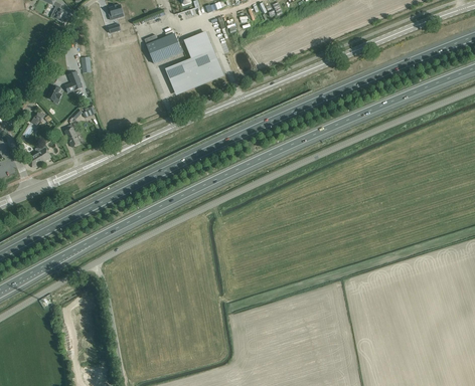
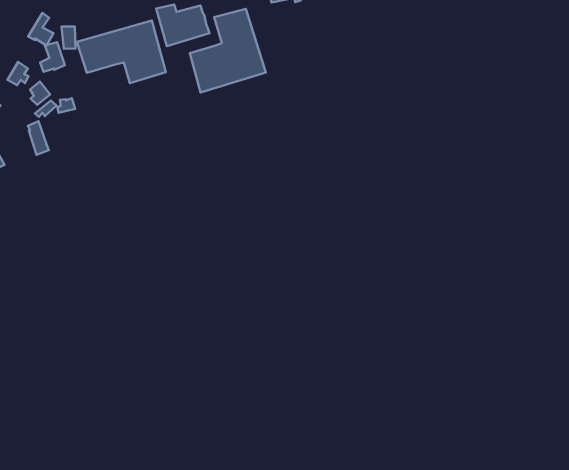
building: none -> [77,20,166,83]

